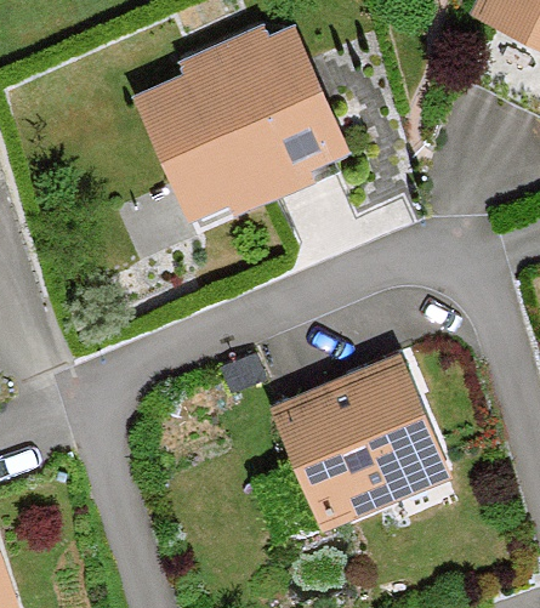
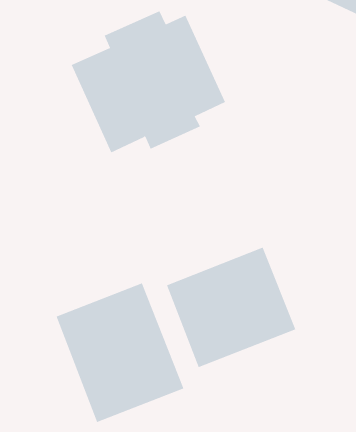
building: none -> [56,283,184,423]

